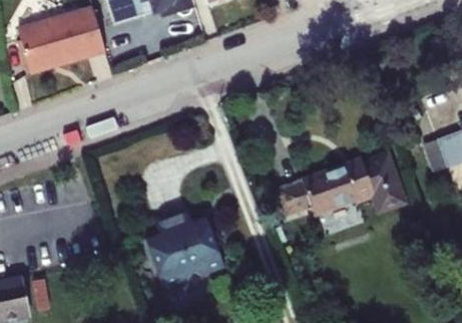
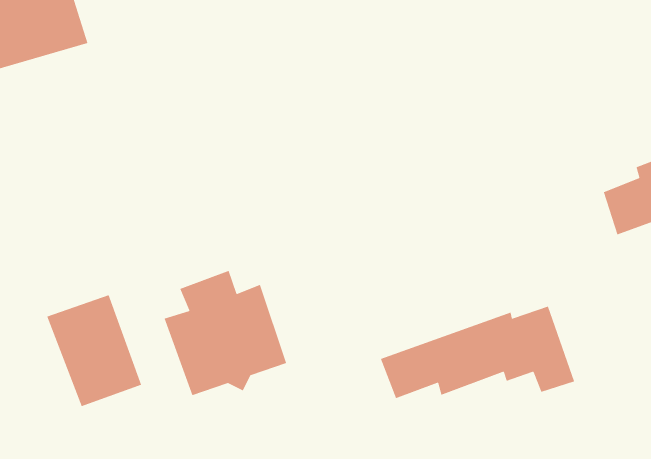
building: [272,156,397,217] -> [380,305,575,399]
building: none -> [46,294,142,407]

